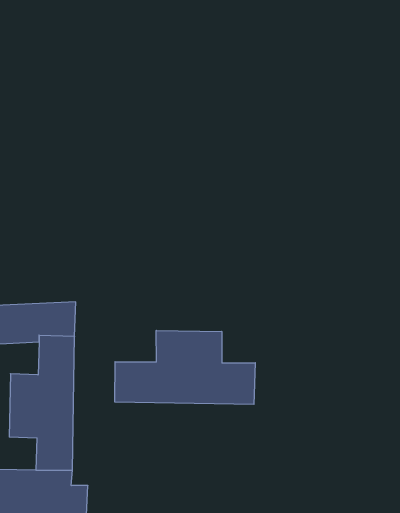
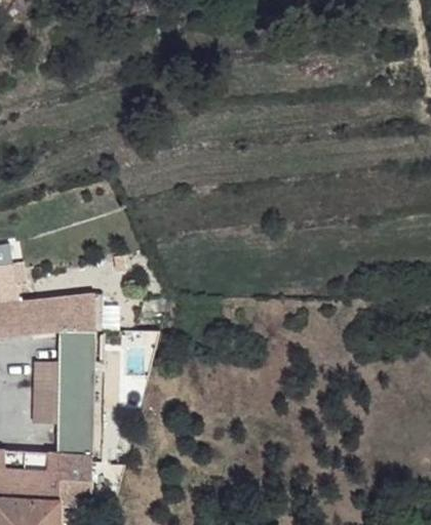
building: [115,330,255,404] -> none

